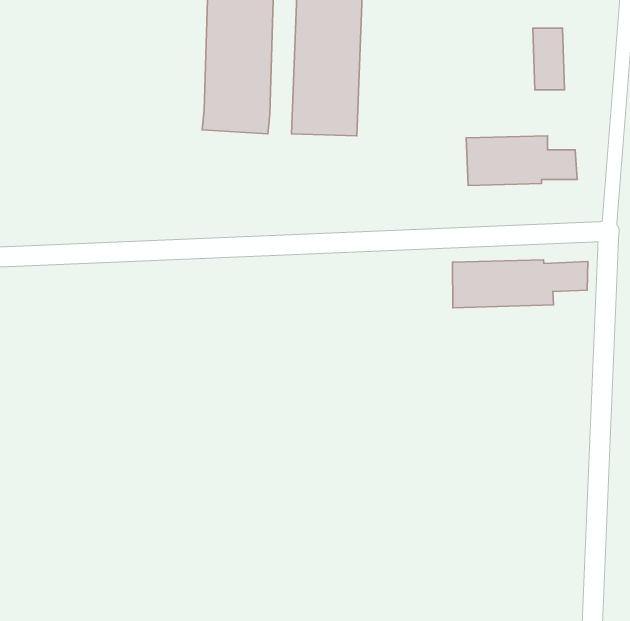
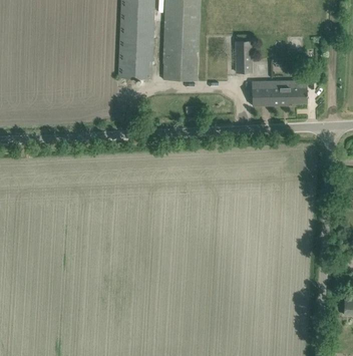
building: [533,28,565,90] -> [236,41,252,72]
building: [452,260,588,308] -> none

